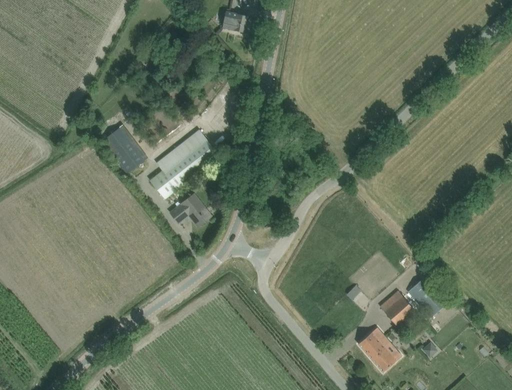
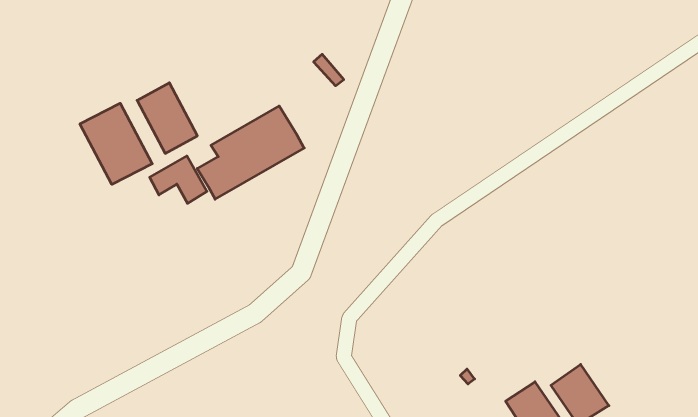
building: none -> [80,103,152,184]
building: [170,193,210,225] -> [150,156,207,203]

